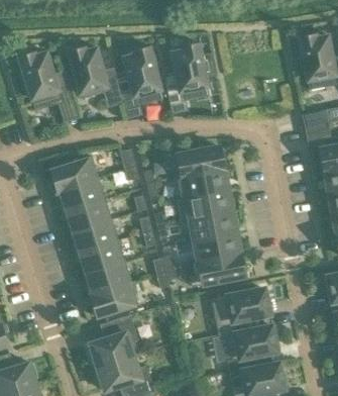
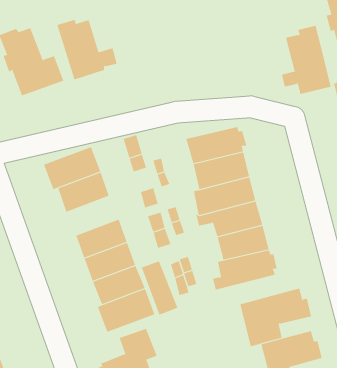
building: [166,42,209,101] -> [281,25,331,94]
building: [119,46,163,106] -> none
building: [68,200,113,232] -> none
building: none -> [141,260,178,316]

